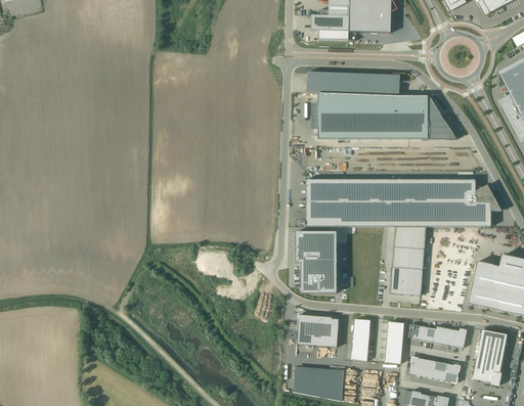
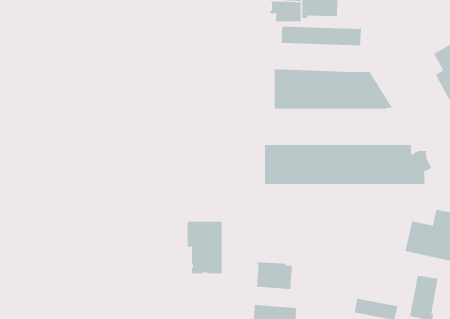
building: [307,72,400,95] -> [281,26,362,46]
building: [390,226,427,296] -> none
building: [296,231,337,292] -> [187,221,222,274]
building: [352,318,370,360] -> none
building: [386,321,404,363] -> none
building: [408,323,468,347] -> none

